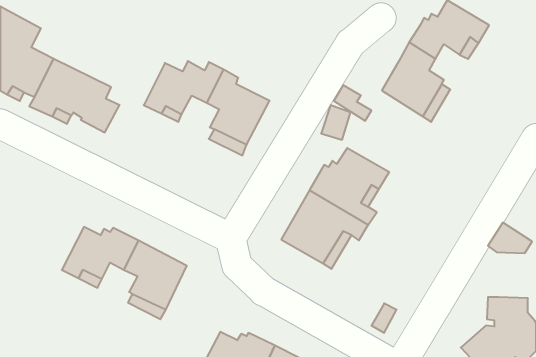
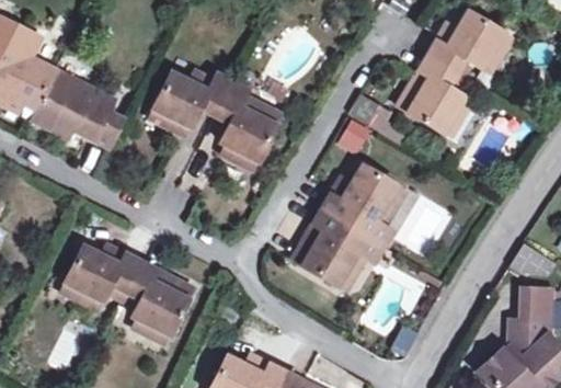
building: none -> [520,289,552,321]

